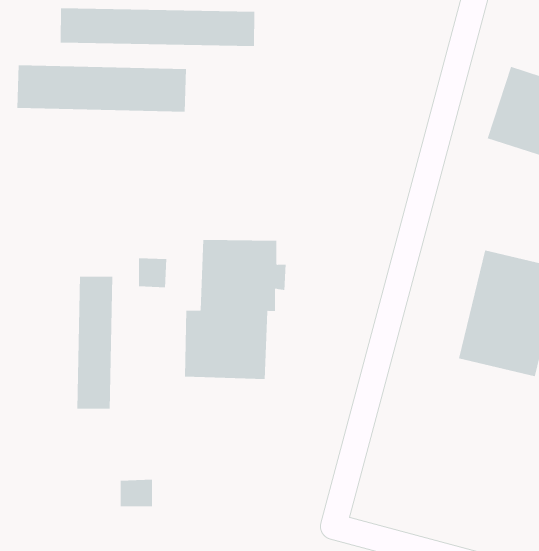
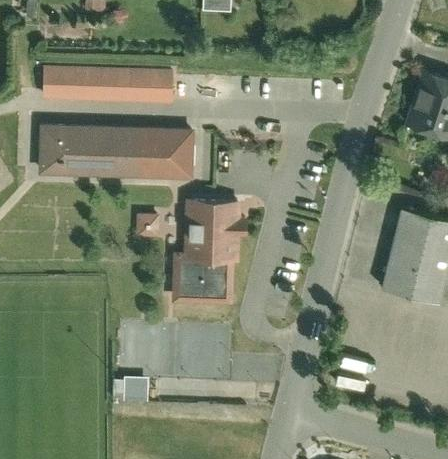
building: [60,7,255,47] -> none
building: none -> [38,124,195,178]
building: [77,276,113,410] -> none

